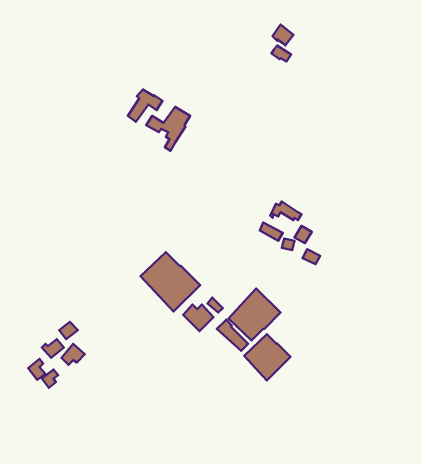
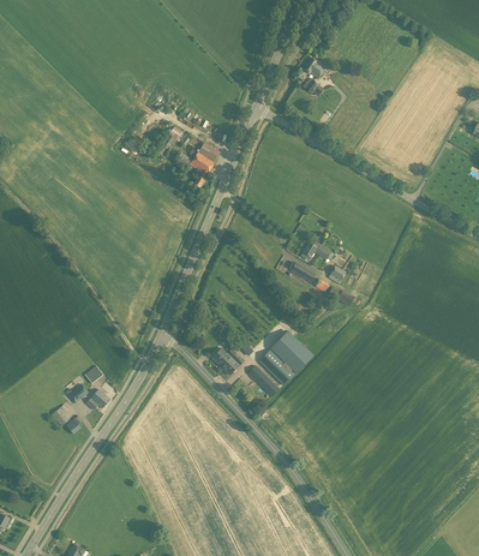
building: [140,252,200,312] -> none
building: [244,334,291,381] -> none

